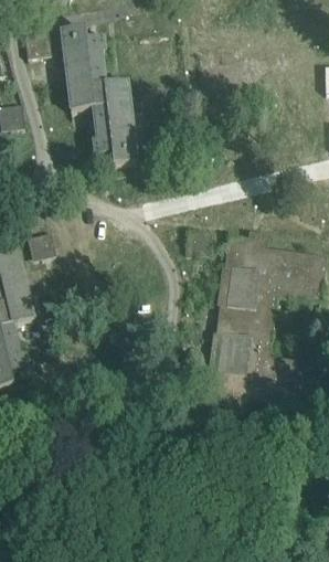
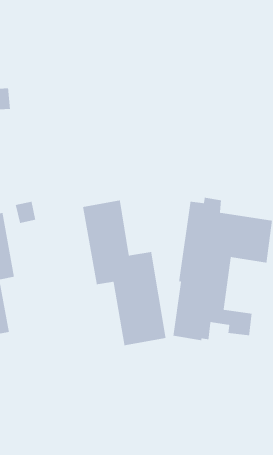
building: [26,24,132,163] -> none
building: none -> [82,199,167,346]

